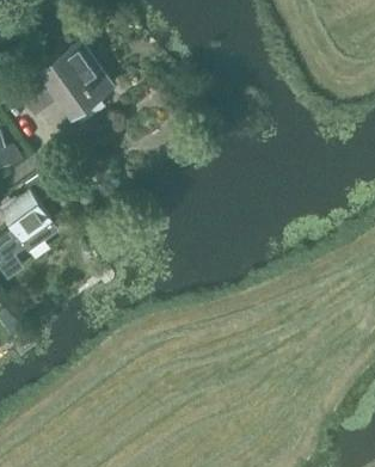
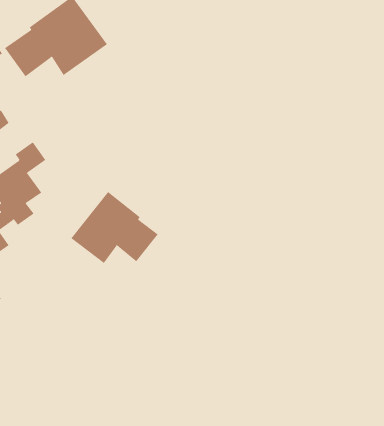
building: none -> [71,191,159,264]

